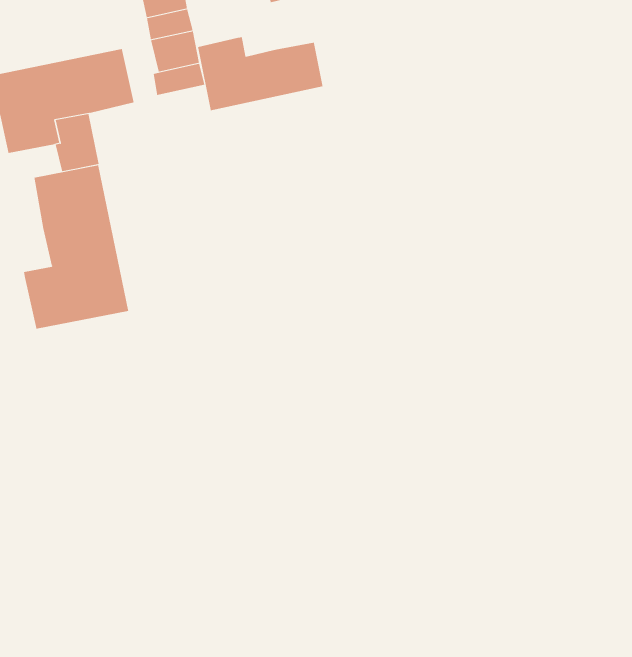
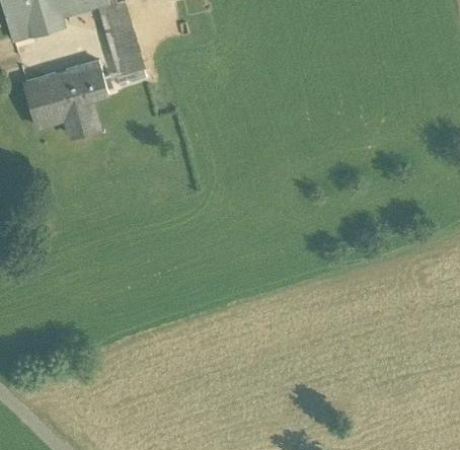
building: [198,36,323,111] -> none
building: [23,165,129,329] -> none

